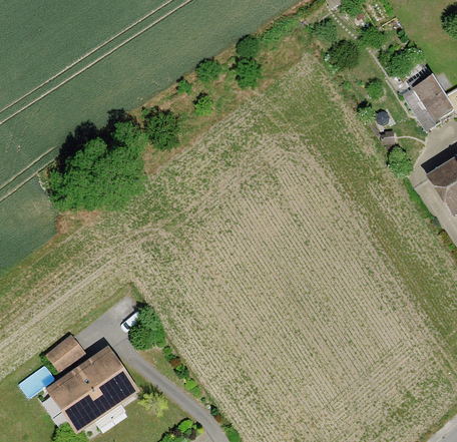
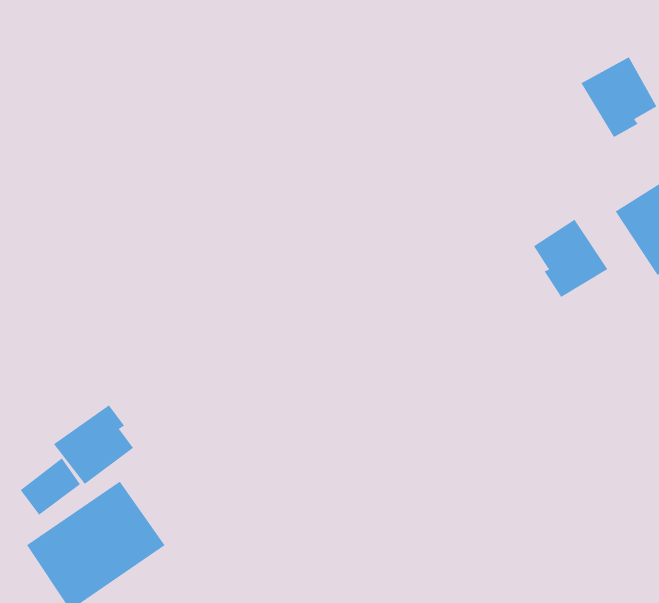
building: none -> [533,219,608,298]
building: none -> [53,404,134,485]

